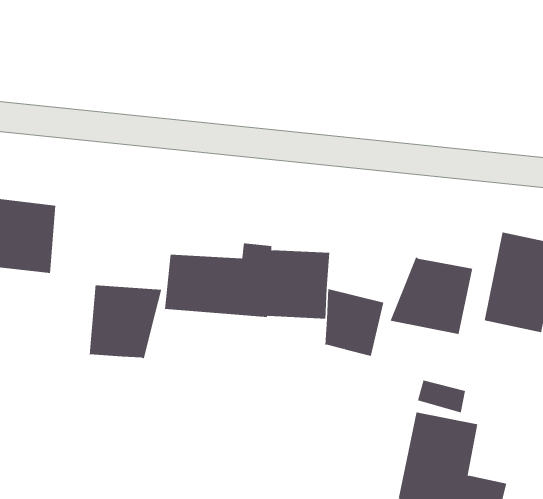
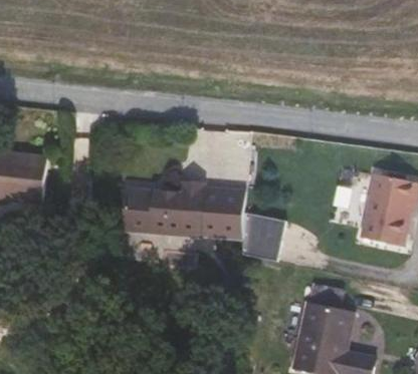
building: [390,257,473,335] -> none
building: [89,284,162,359] -> none

